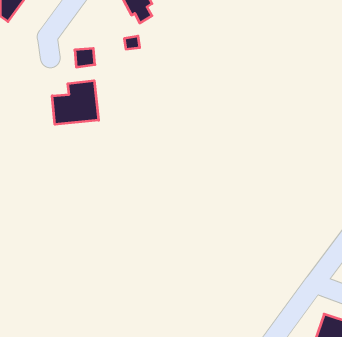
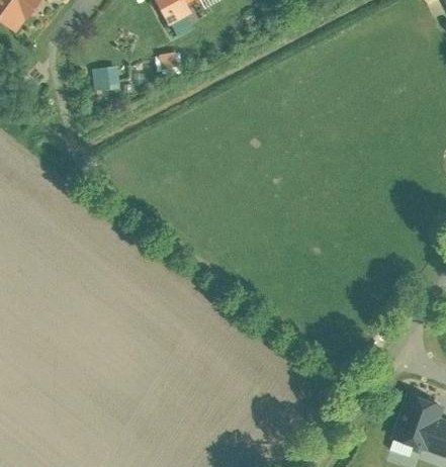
building: [52,81,99,124] -> none

